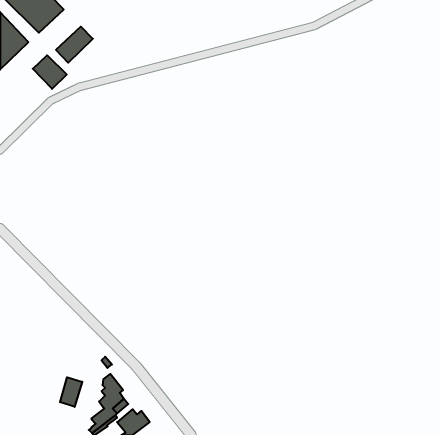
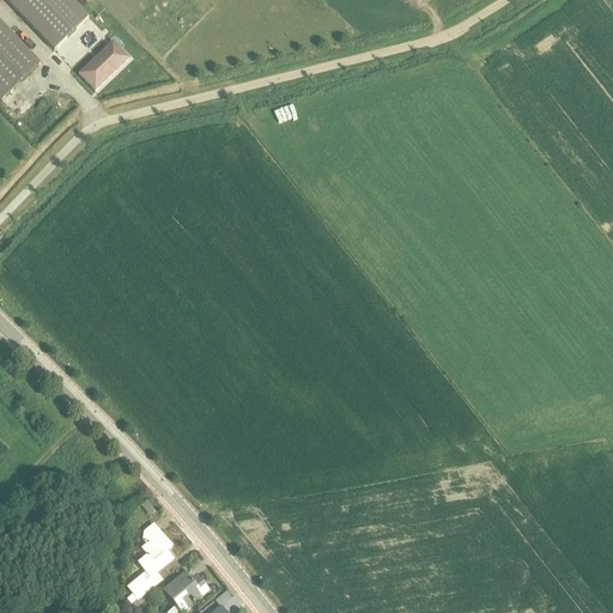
building: [33,55,67,89] -> none
building: [60,377,82,407] -> none

